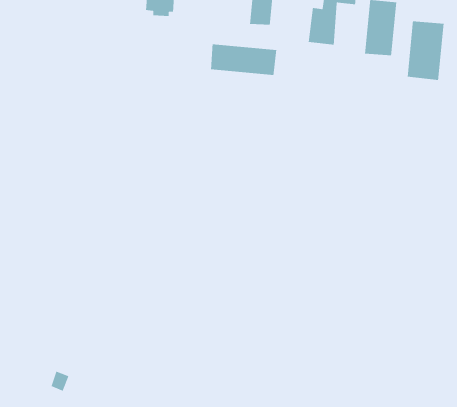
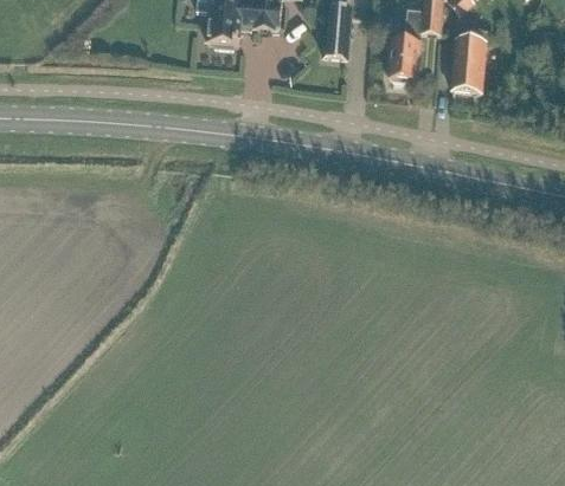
building: [407,21,445,81] -> none
building: [210,43,277,76] -> none

